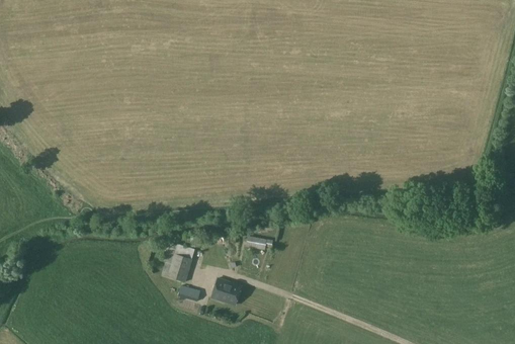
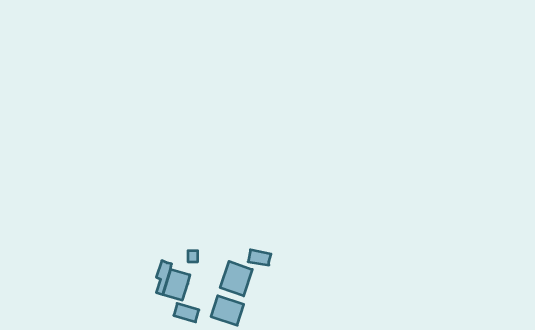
building: none -> [220,261,252,296]

